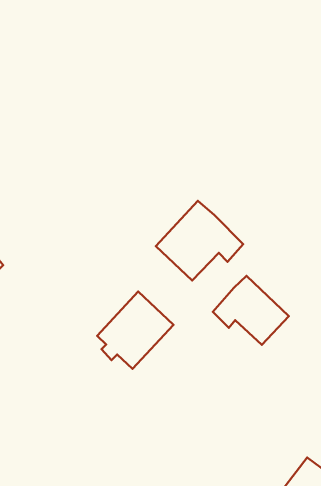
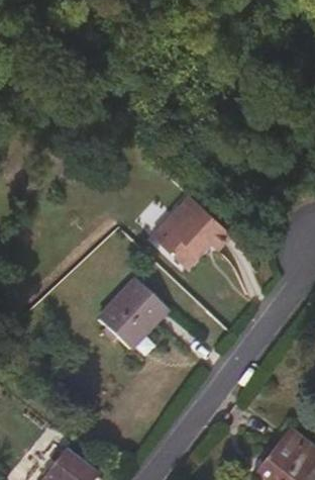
building: [213,276,289,345] -> none

